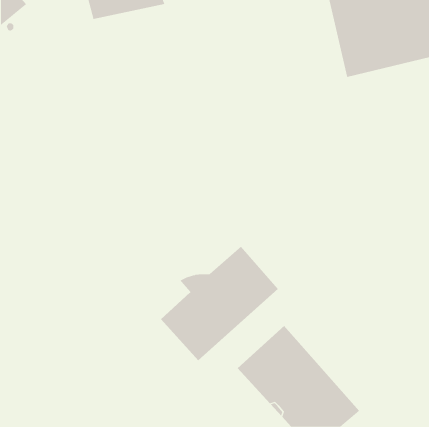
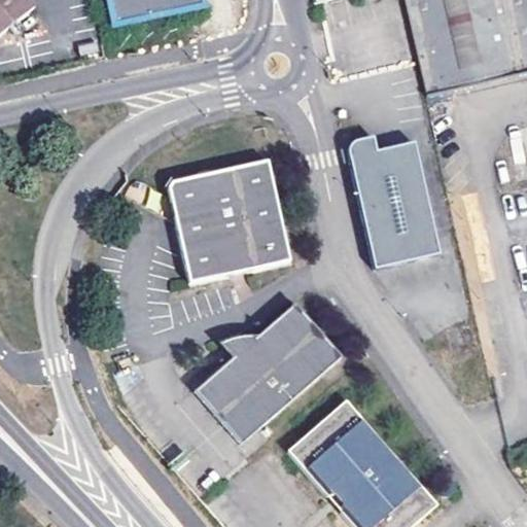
building: none -> [349,136,440,266]
building: none -> [167,159,289,283]

